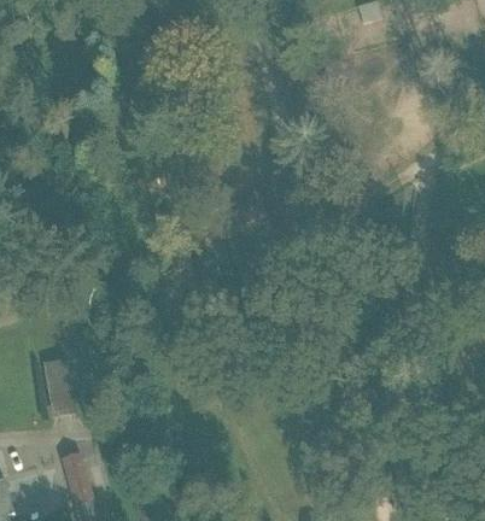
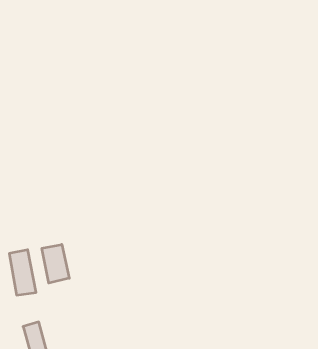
building: none -> [42,244,69,283]

